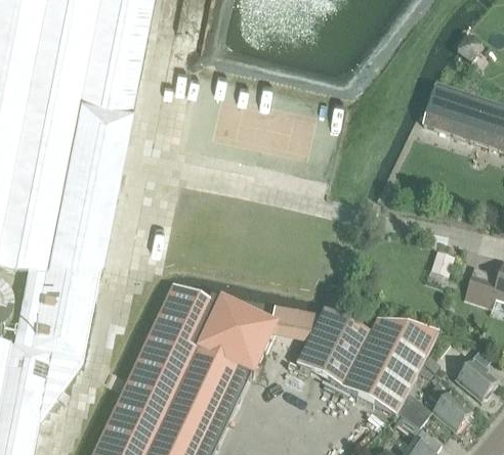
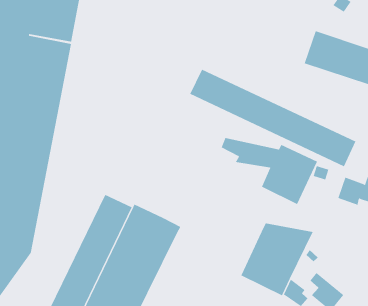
building: none -> [190,69,356,167]
building: [248,305,369,389] -> [221,138,318,205]
building: [456,354,497,402] -> none

